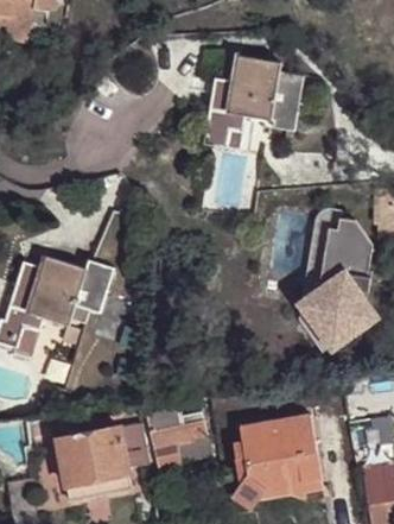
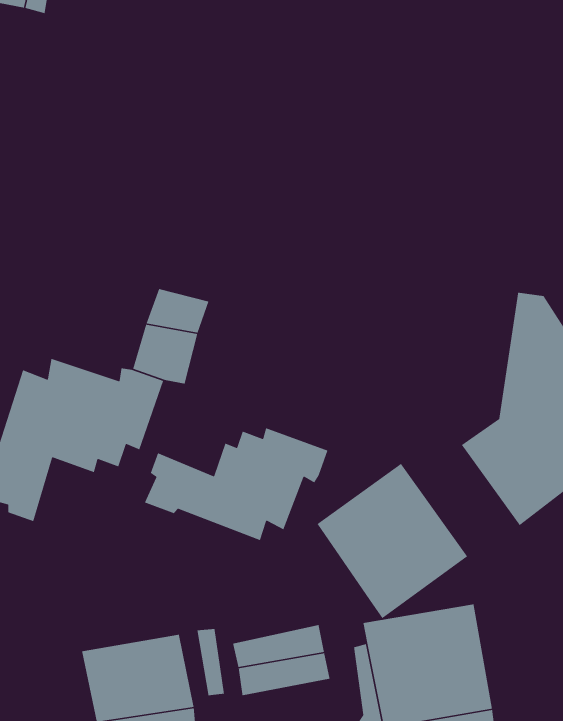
building: [201,57,301,150] -> none
building: none -> [144,427,329,541]
building: none -> [316,463,468,619]

